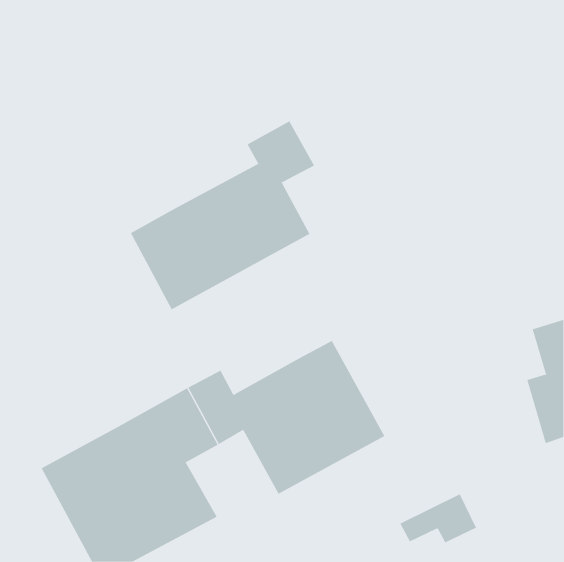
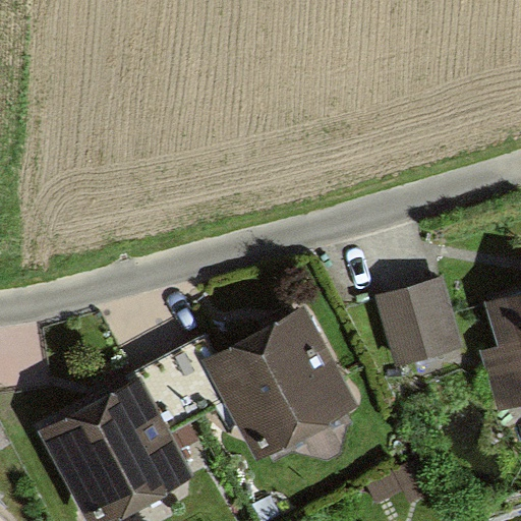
building: [130,120,315,310] -> none
building: none -> [384,283,459,357]

